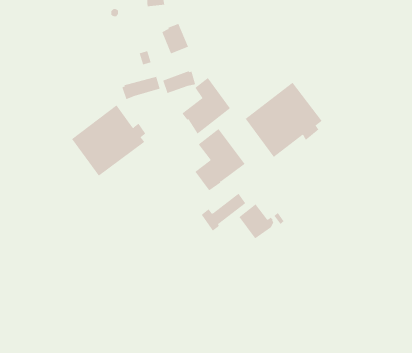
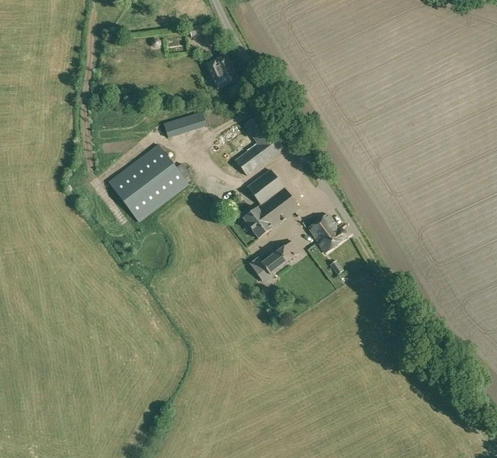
building: [163,70,196,94] -> none
building: [245,82,322,158] -> none
building: [239,204,274,239] -> [307,213,346,252]

